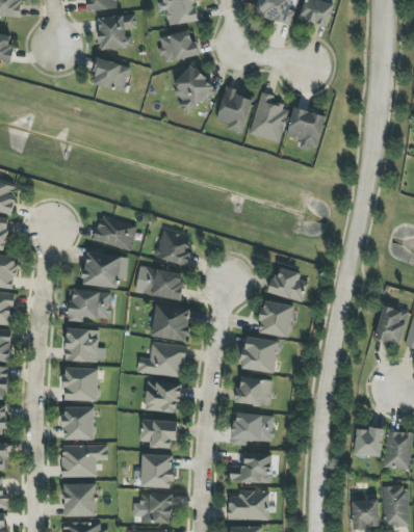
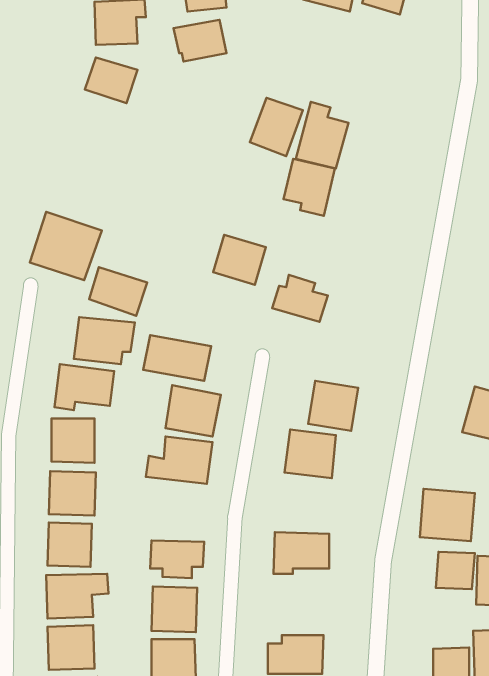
building: [170,64,215,114] -> none
building: [286,107,325,150] -> [284,159,335,216]
building: none -> [30,212,102,280]
building: [154,229,193,266] -> [213,235,266,285]
building: [267,267,309,302] -> [272,275,328,322]
building: [235,378,273,405] -> none
building: none -> [420,489,475,541]
building: [145,381,180,411] -> none
building: [229,453,273,483] -> none

